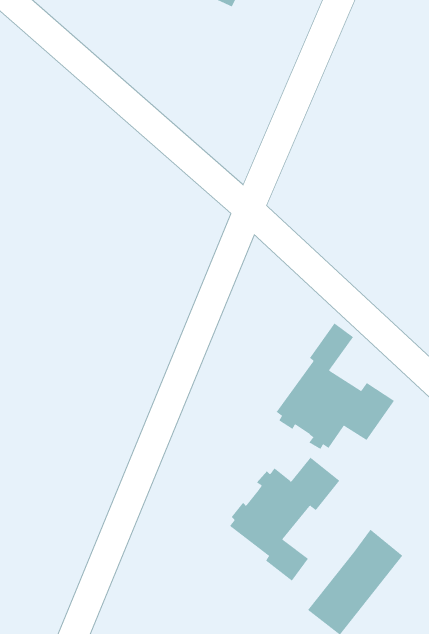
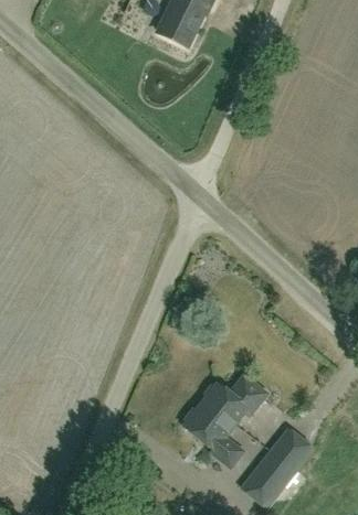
building: [276,322,395,450] -> none

